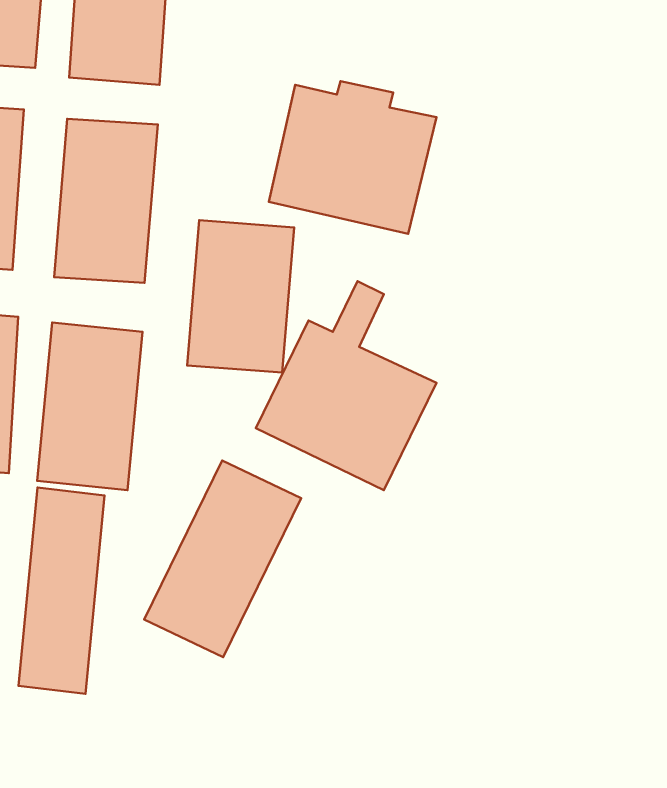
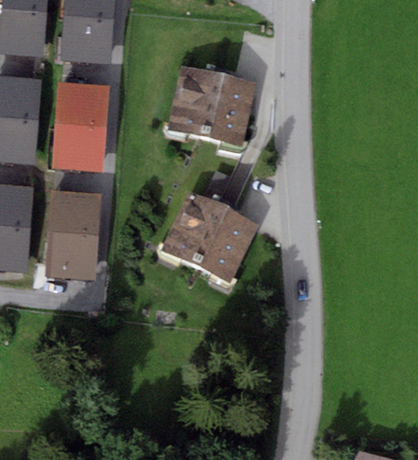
building: [187,220,294,373] -> none
building: [144,460,301,657] -> none
building: [19,487,104,694] -> none

